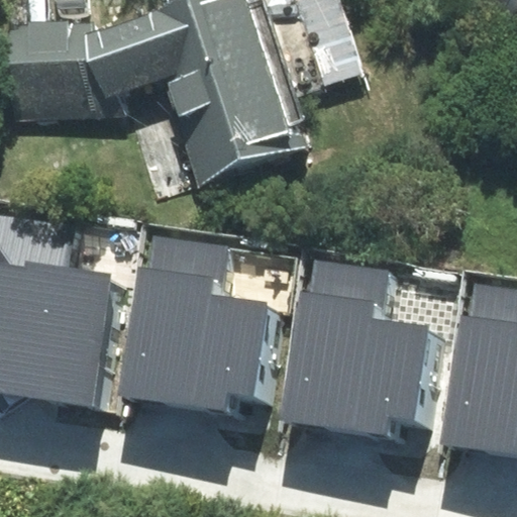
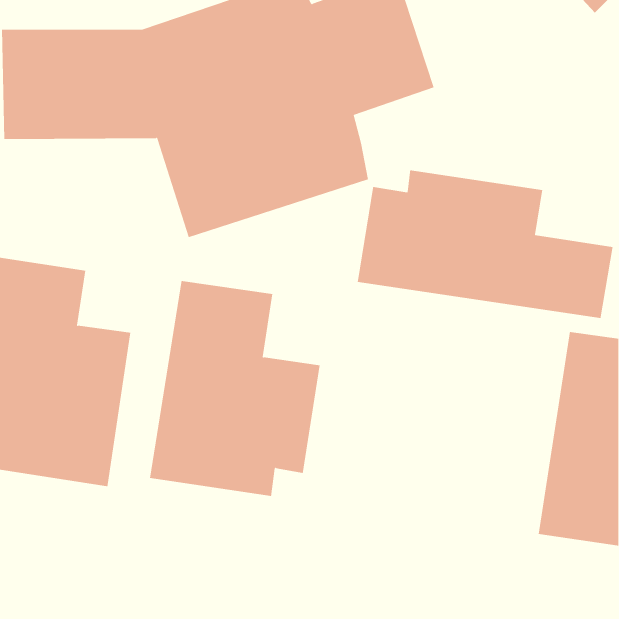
building: none -> [357,170,613,319]
building: [289,257,427,434] -> none

